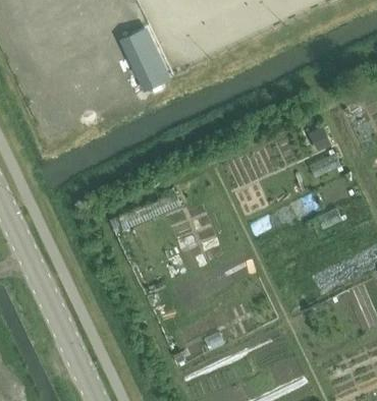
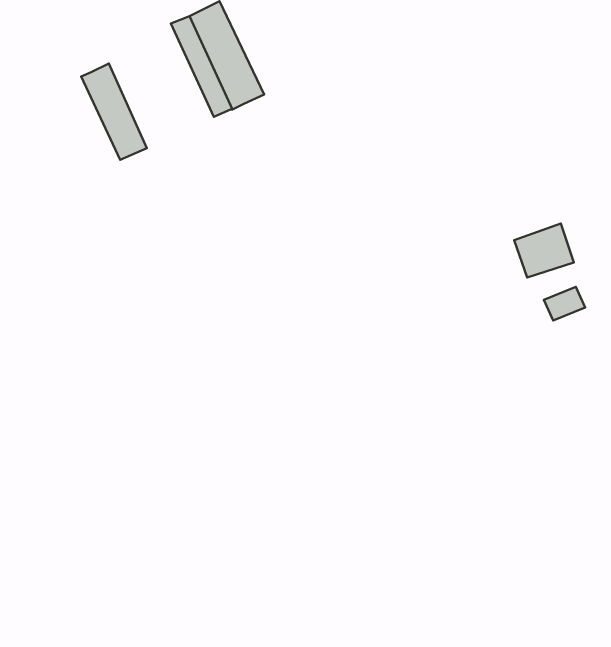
building: none -> [81,64,147,160]

